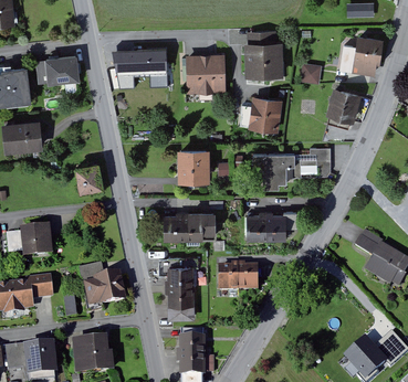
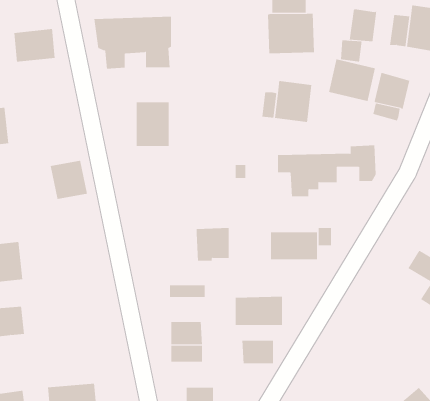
building: none -> [349,8,377,42]
building: [186,55,223,93] -> none
building: none -> [328,59,375,102]
building: [180,152,207,188] -> [136,102,170,147]
building: [164,217,189,241] -> none
building: [79,263,125,309] -> none
building: [167,268,192,287] -> [242,340,274,364]

